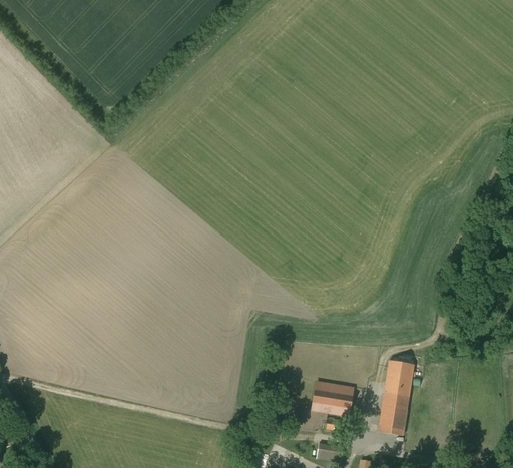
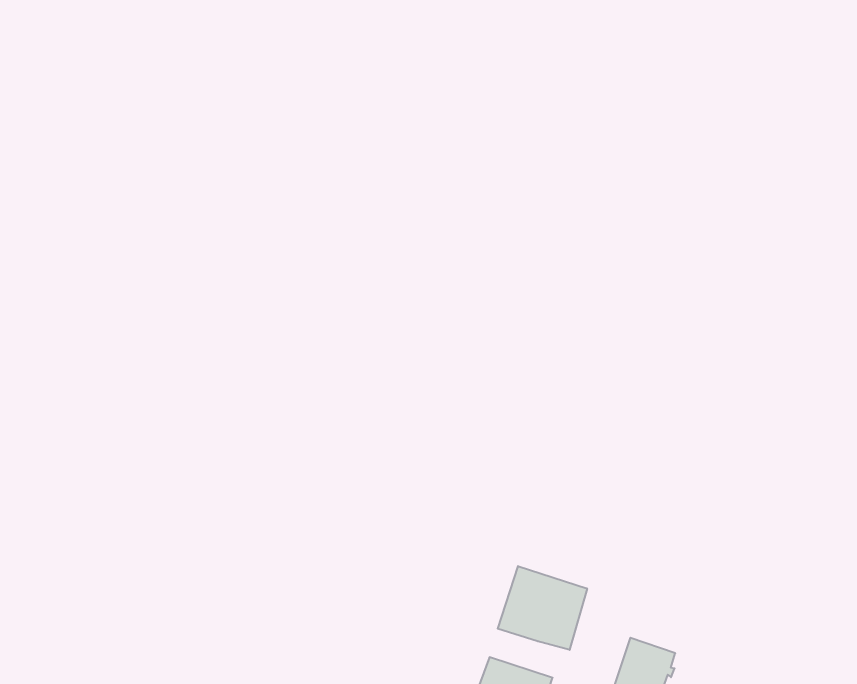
building: none -> [498,566,587,650]

